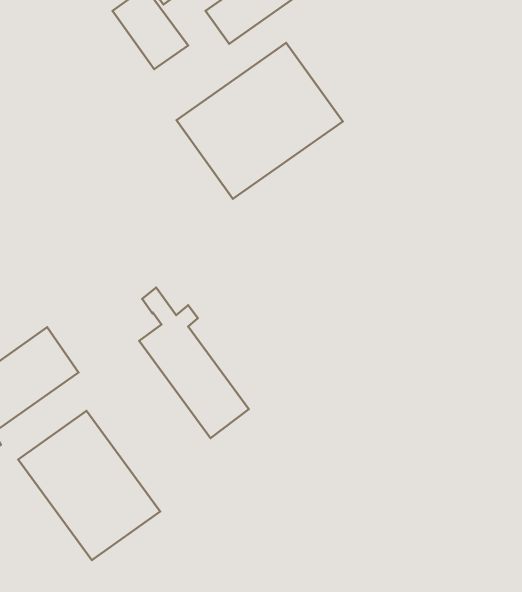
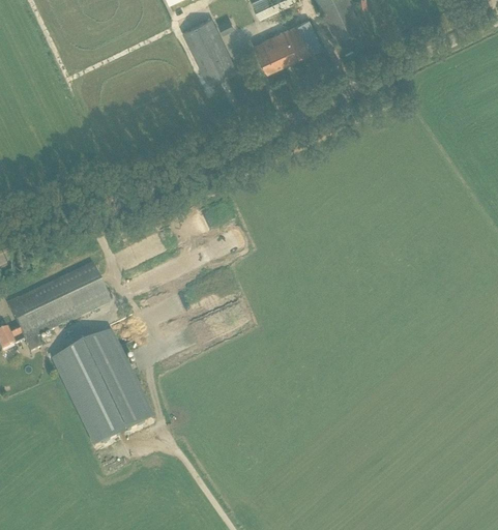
building: [176,43,343,199] -> none
building: [139,288,249,438] -> none

